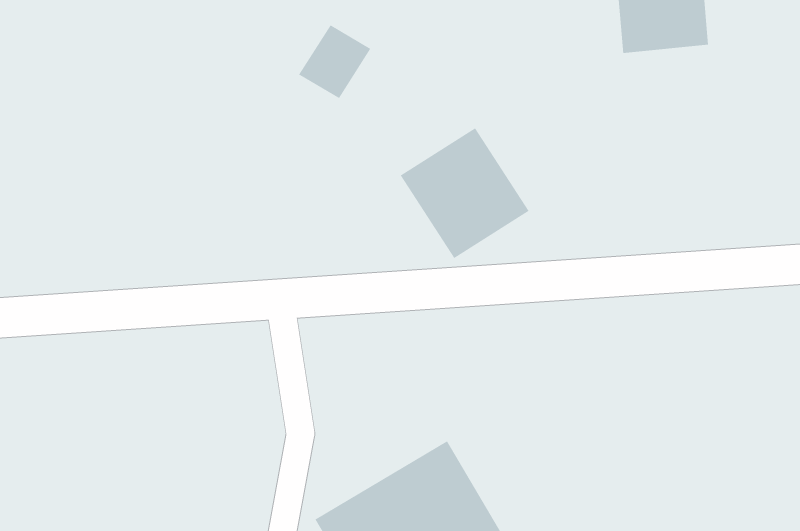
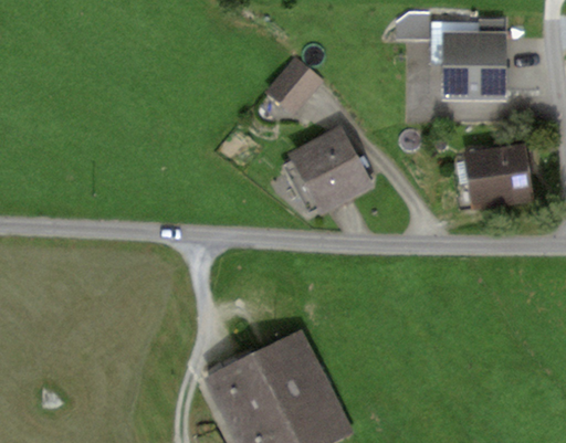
building: [298,24,371,99] -> [269,61,318,110]
building: none -> [465,146,532,207]

